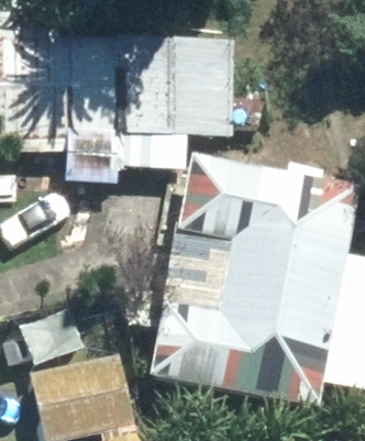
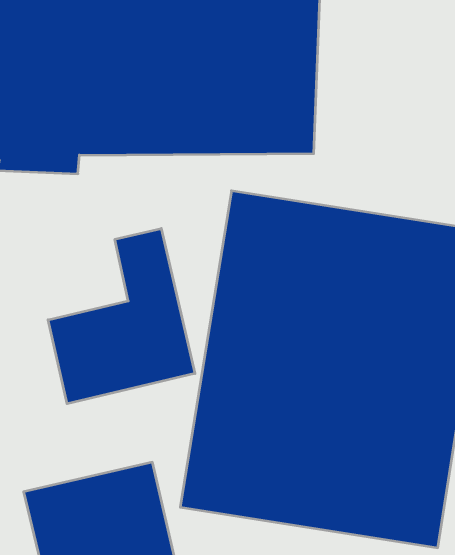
building: none -> [48,228,195,404]

